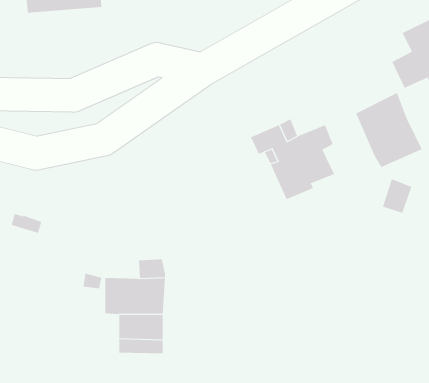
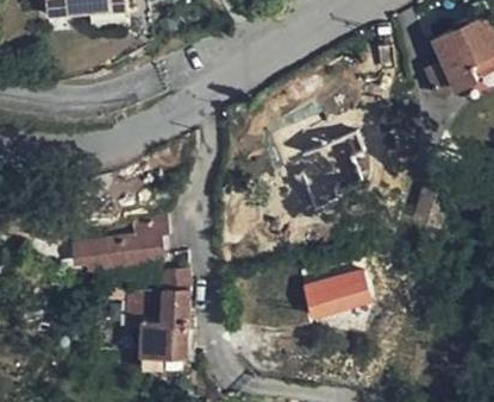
building: [355,92,423,168] -> none
building: none -> [71,214,165,265]
building: none -> [302,264,374,315]

